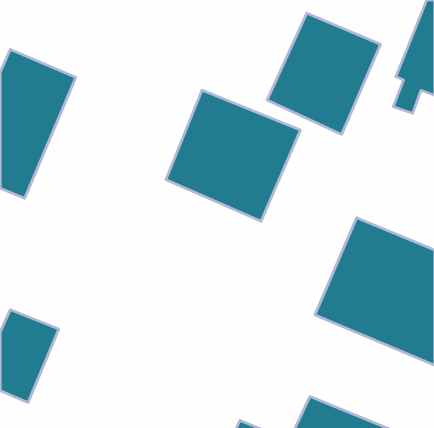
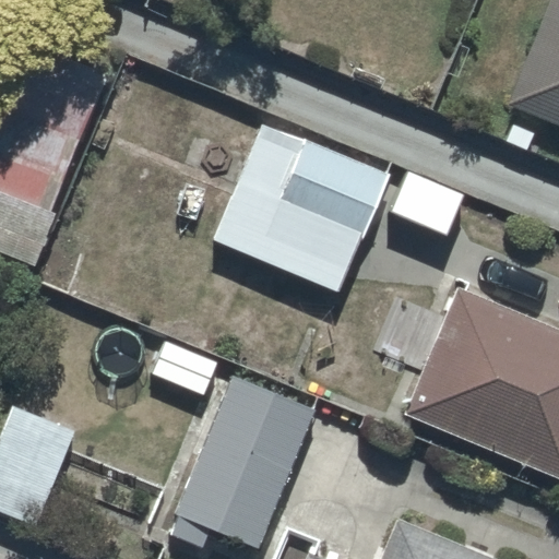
building: [267,13,380,134] -> none
building: none -> [169,376,316,552]

